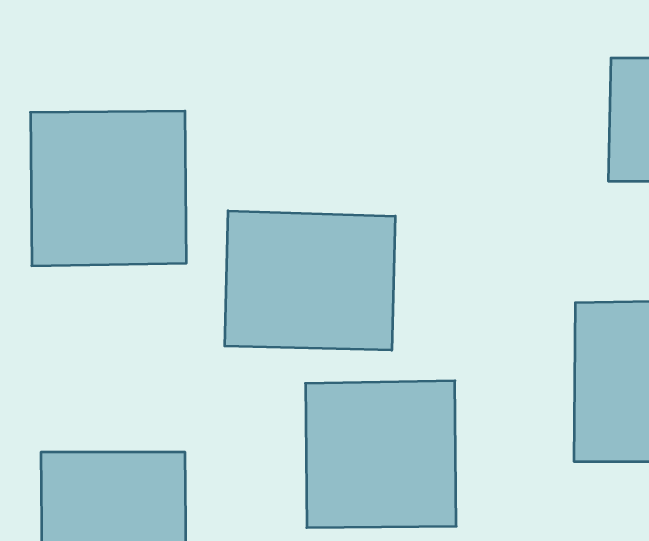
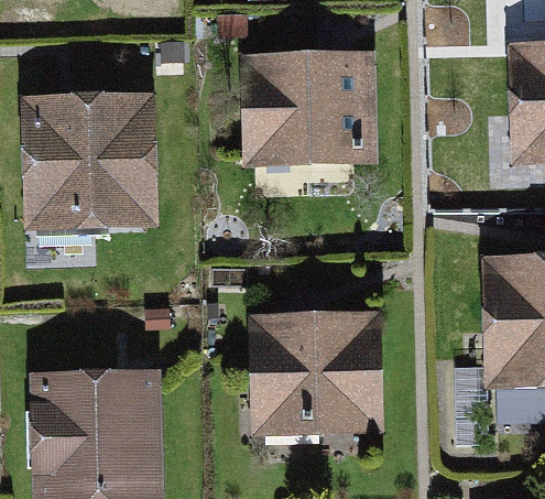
building: none -> [238,48,372,160]
building: [225,211,395,350] -> none

